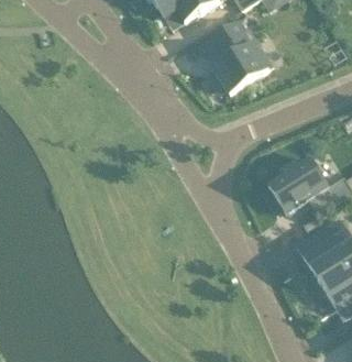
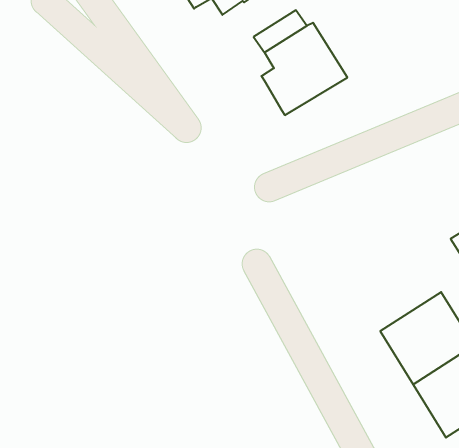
building: [267,158,328,213] -> none

